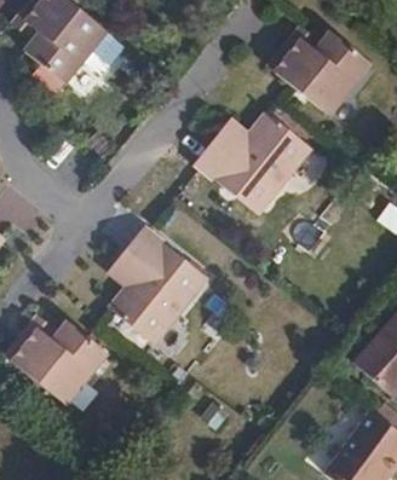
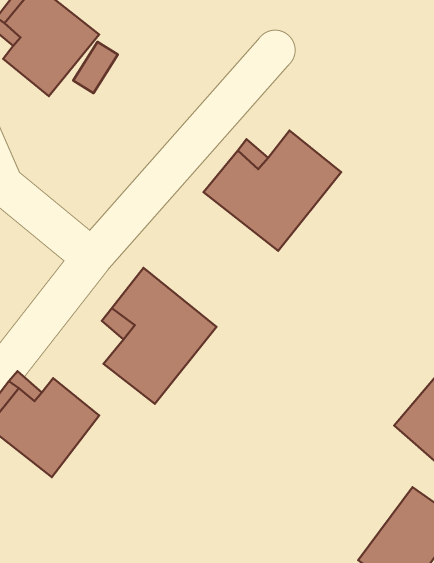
building: [274,31,368,114] -> none

